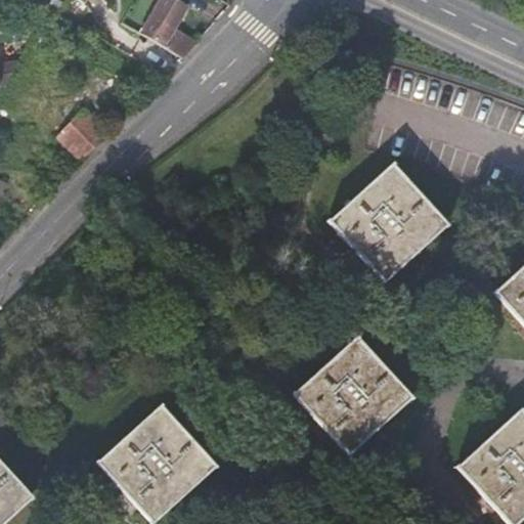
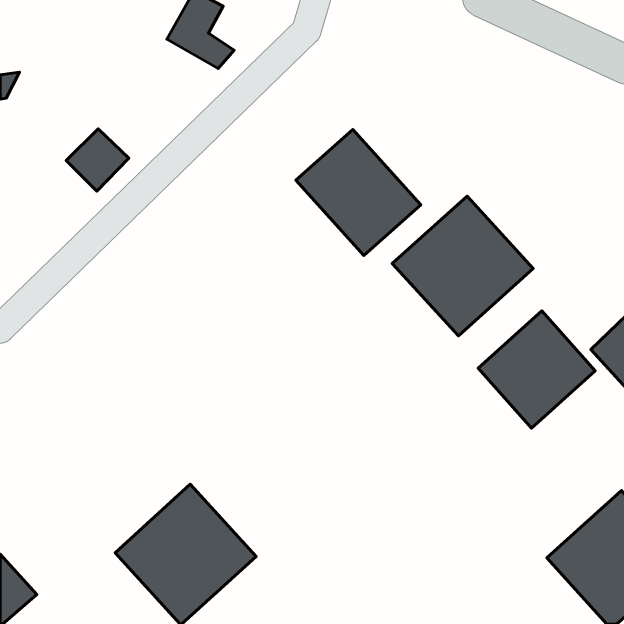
building: none -> [296,130,421,255]
building: none -> [478,311,595,428]
building: [294,336,411,454] -> none

